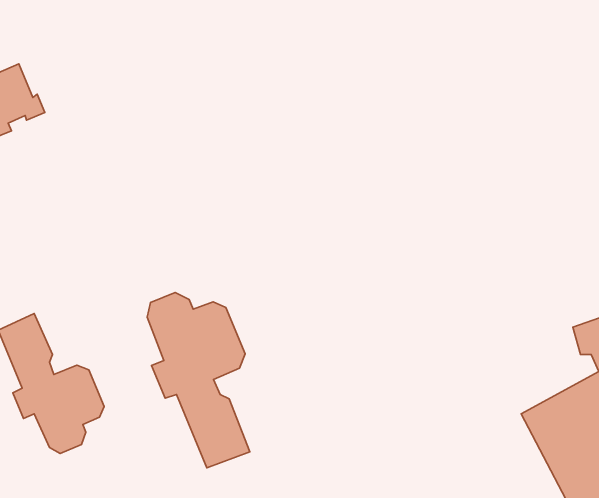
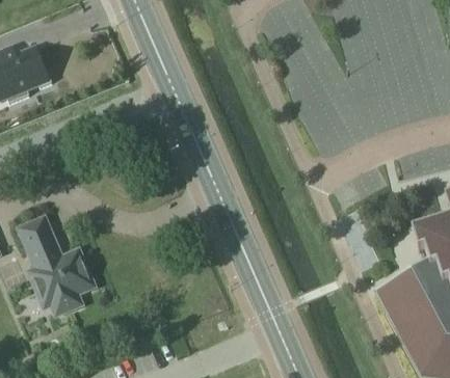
building: [147,292,250,468] -> none

